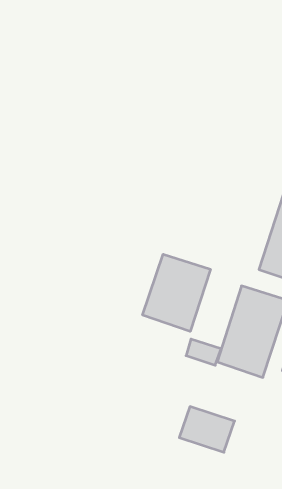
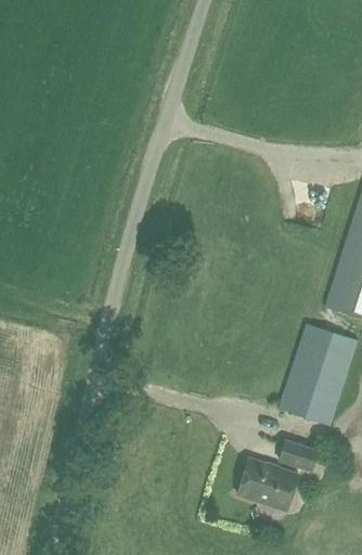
building: [143,254,210,331] -> none
building: [186,339,221,365] -> [280,441,319,470]

